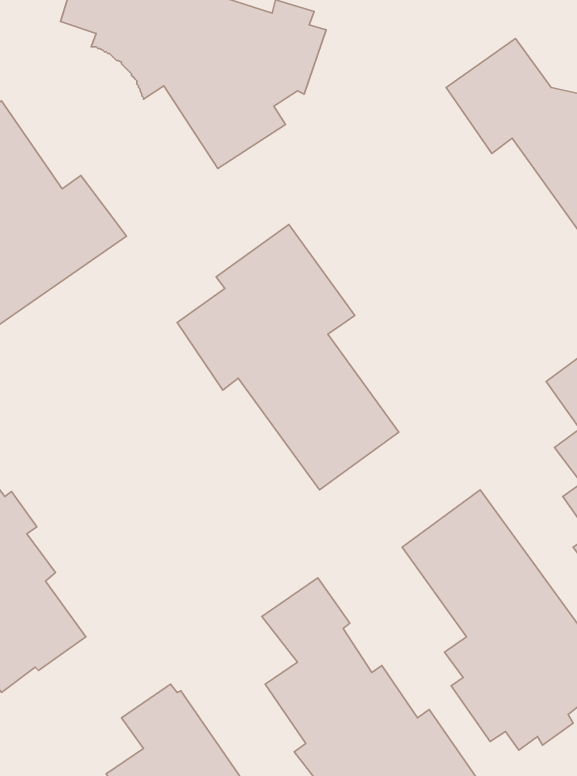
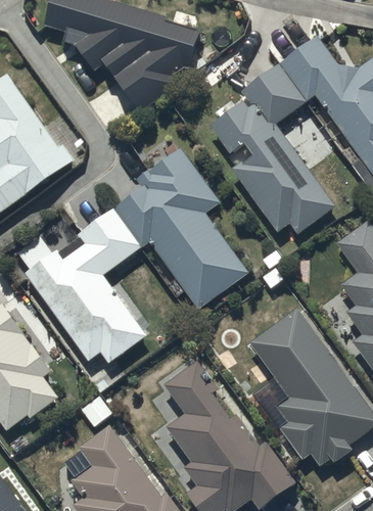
building: none -> [211,64,335,234]
building: none -> [17,206,146,363]

